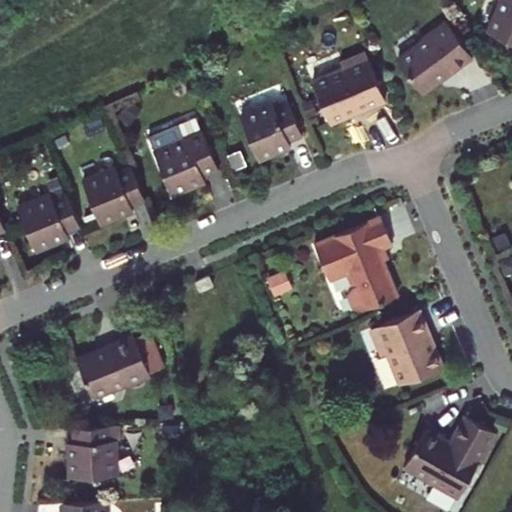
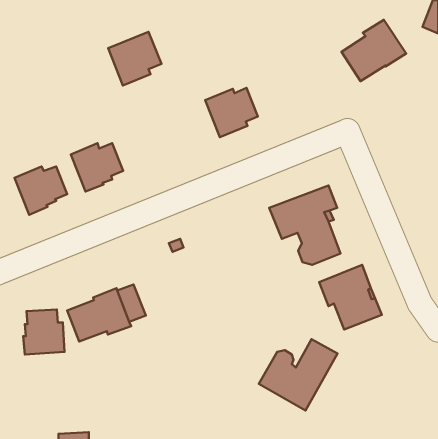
building: [310,57,383,128] -> none
building: [153,132,215,194] -> [108,32,162,85]
building: [404,414,495,497] -> [259,339,337,411]
building: [72,427,120,479] -> [23,310,65,354]

